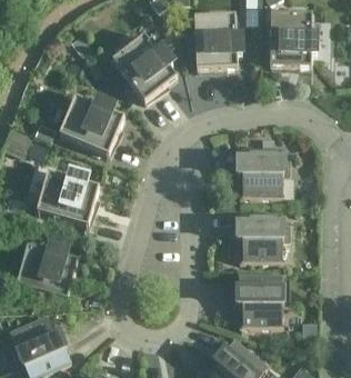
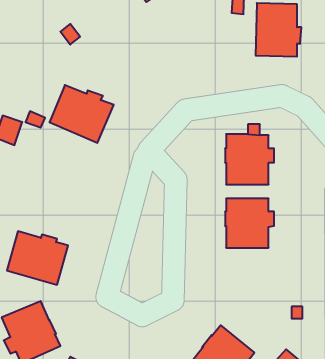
building: [193,14,241,69] -> none
building: [111,33,177,101] -> none
building: [36,171,99,226] -> none
building: [238,276,288,327] -> none

